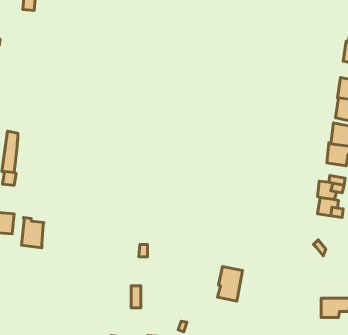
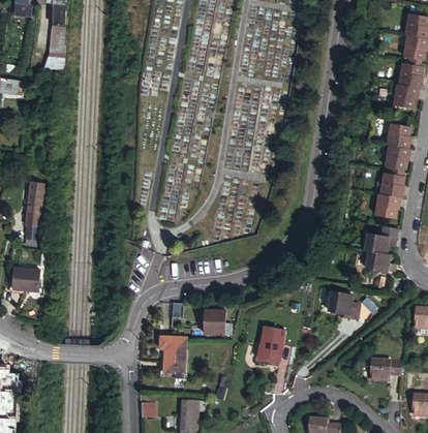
building: [21,217,44,248] -> none
building: none -> [327,290,359,320]
building: none -> [201,307,228,332]
building: none -> [159,336,184,372]

